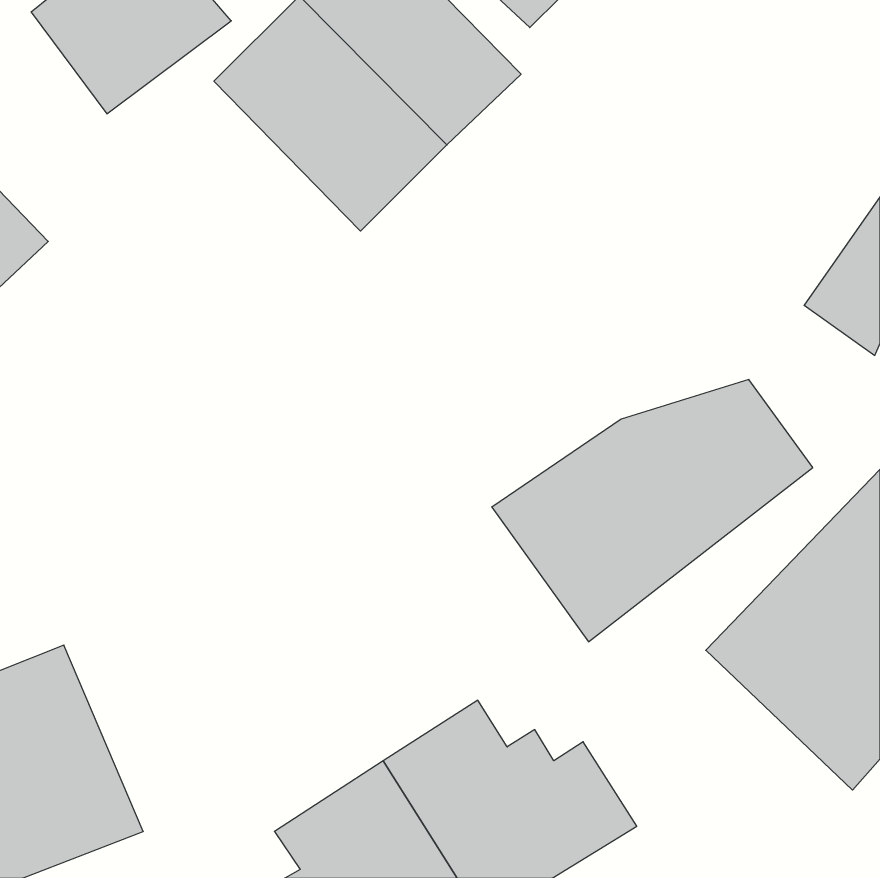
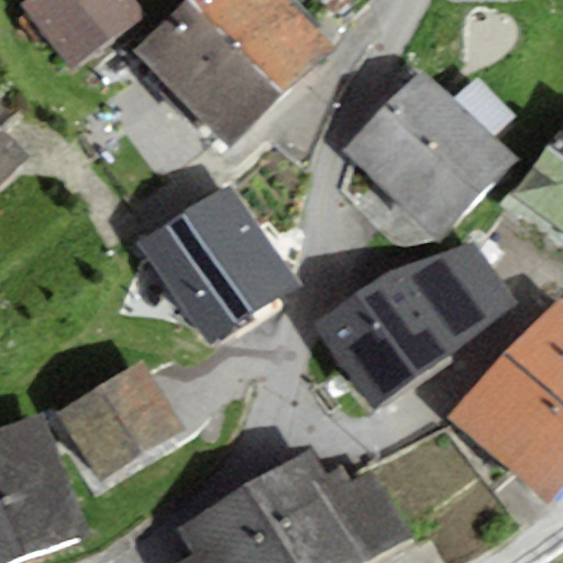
building: none -> [342,66,516,239]
building: none -> [140,185,298,346]
building: none -> [54,360,183,482]

